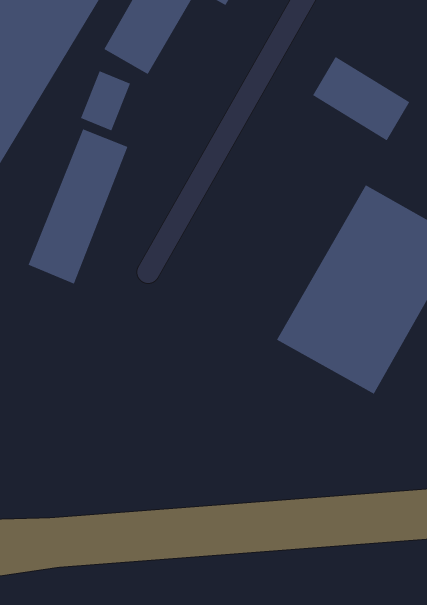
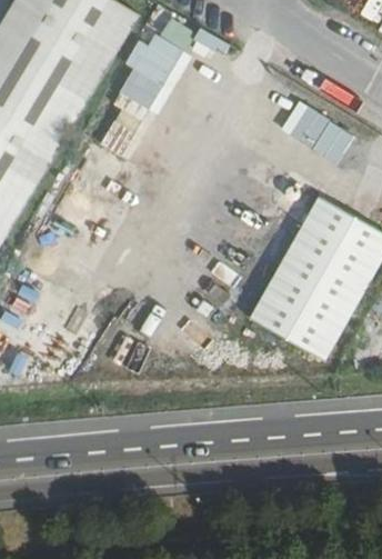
building: [28,129,128,284] -> none

